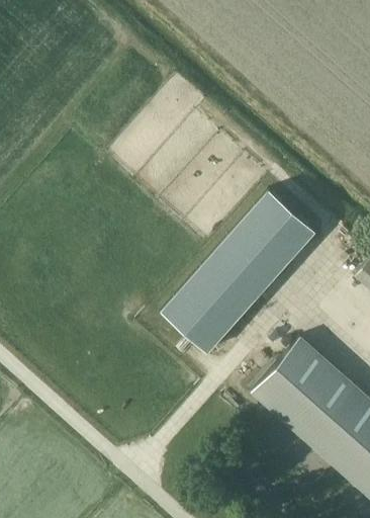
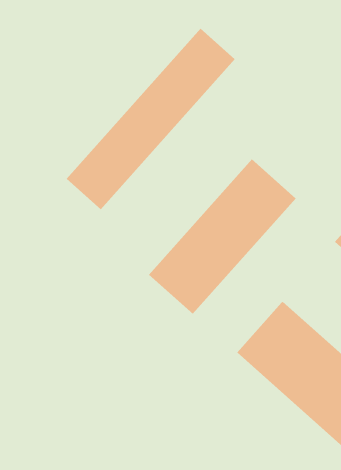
building: none -> [66,28,235,210]

